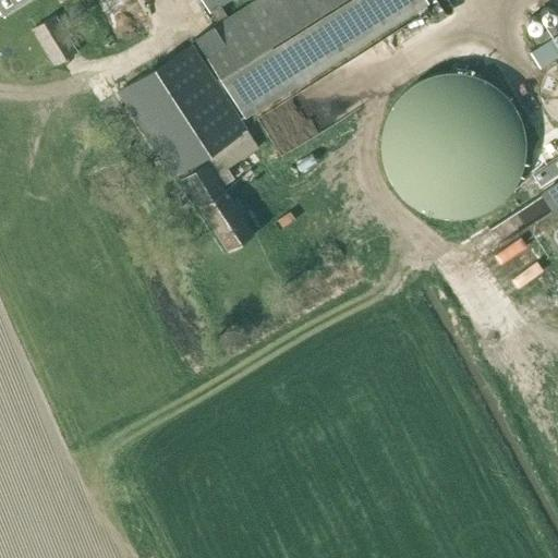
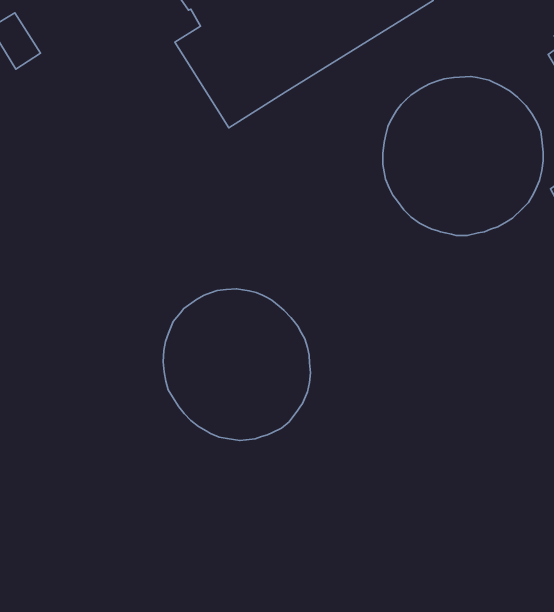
building: [120,44,259,251] -> none
building: none -> [163,289,310,440]

